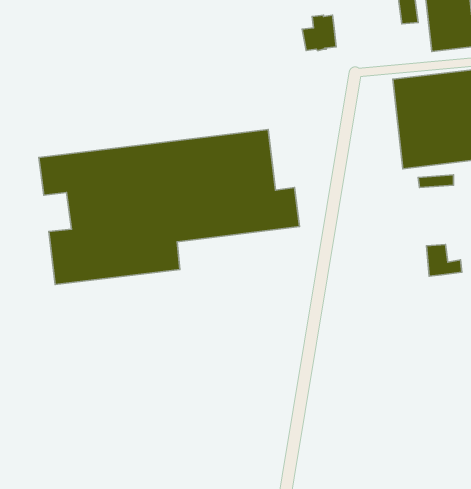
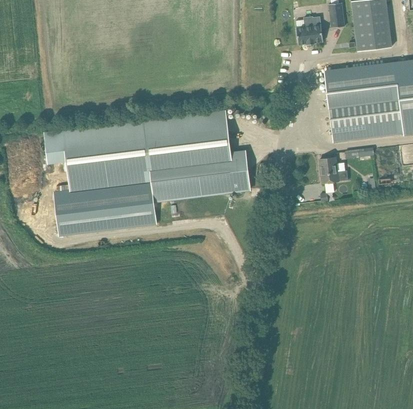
building: [302,15,336,51] -> [296,17,323,45]
building: [427,245,462,276] -> [320,158,348,183]

